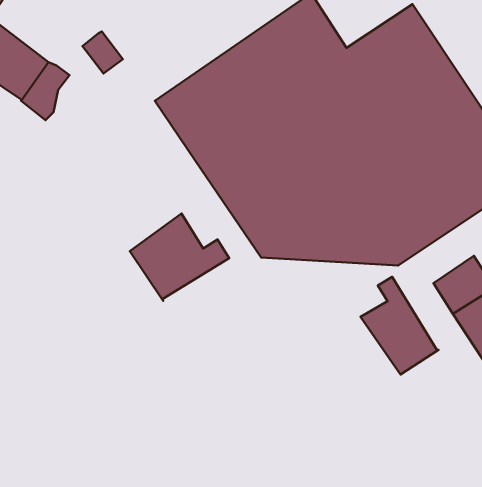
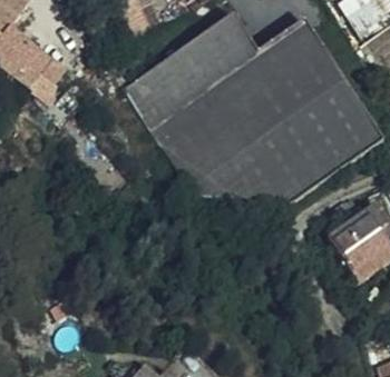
building: [130,213,229,301] -> none
building: [361,277,438,375] -> none

